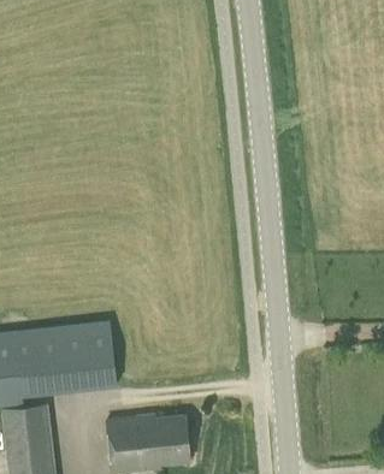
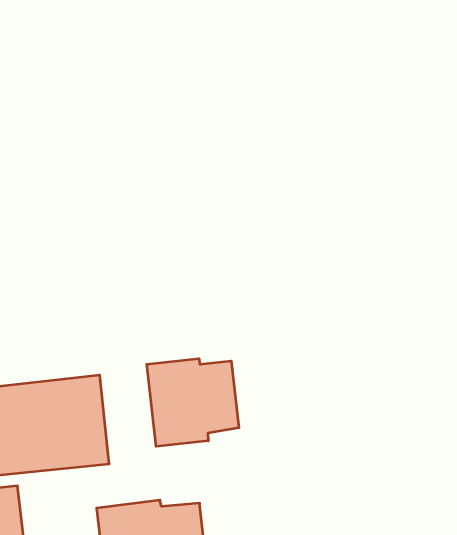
building: none -> [147,359,239,446]

